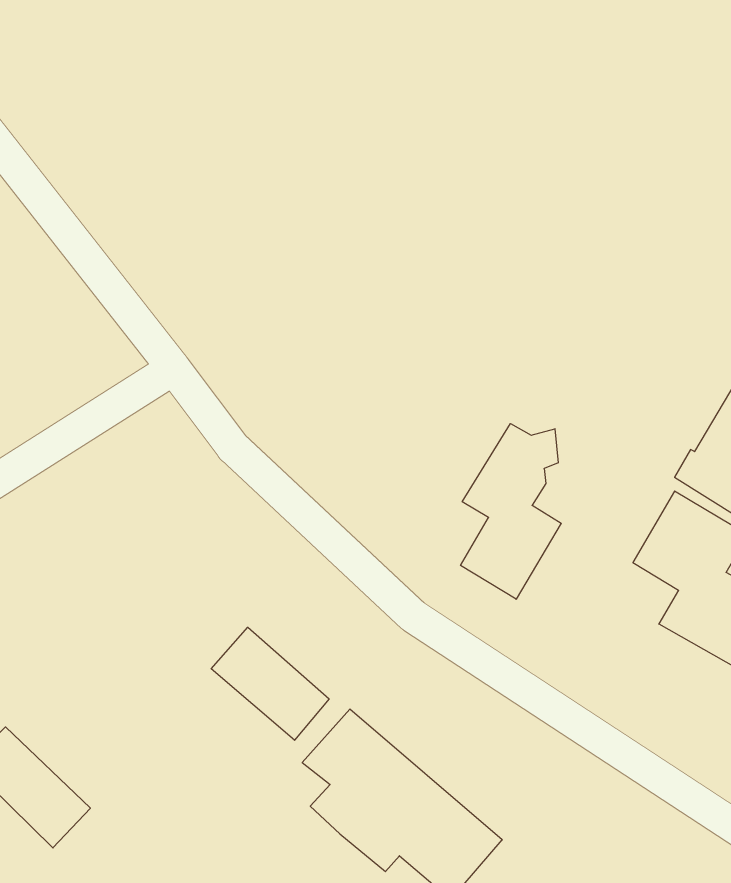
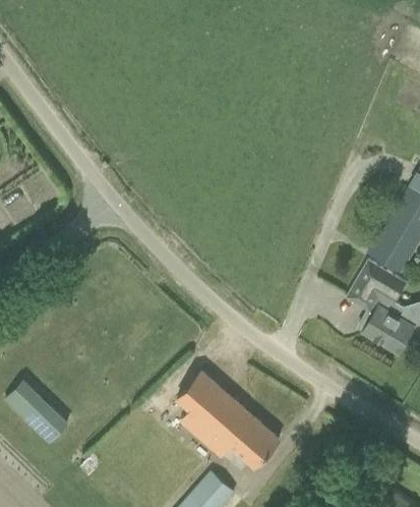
building: [461,424,561,599] -> none
building: [211,627,329,740] -> none

